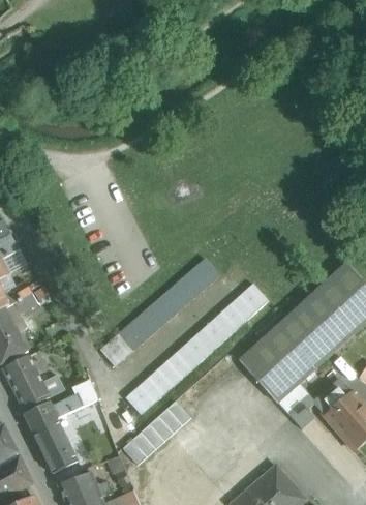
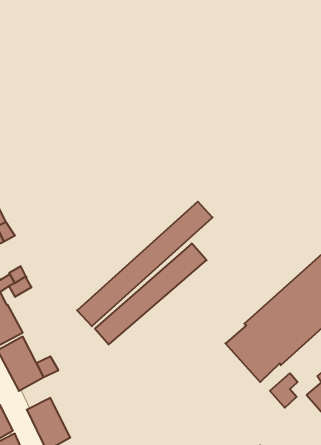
building: [127,281,269,412] -> [77,202,213,326]
building: [24,381,97,430] -> none
building: [124,400,191,463] -> none

